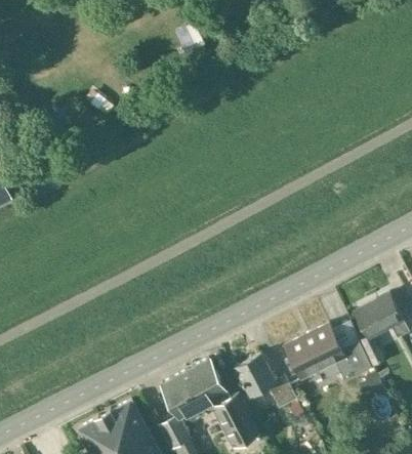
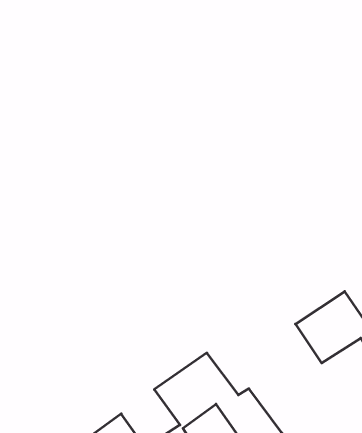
building: [236,354,297,408] -> none

